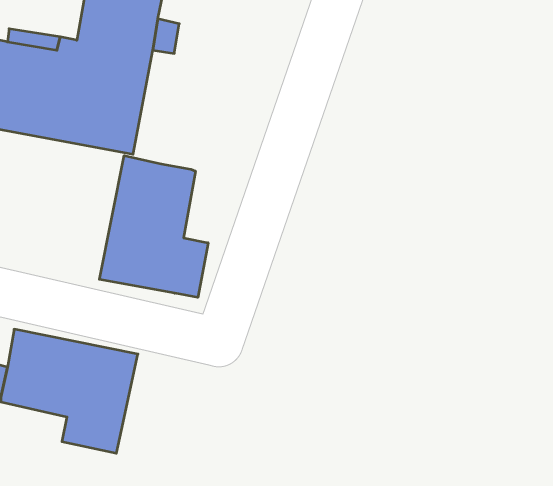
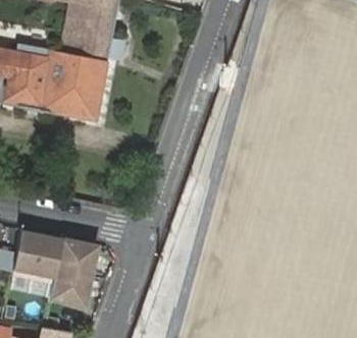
building: [99,156,208,297] -> none

